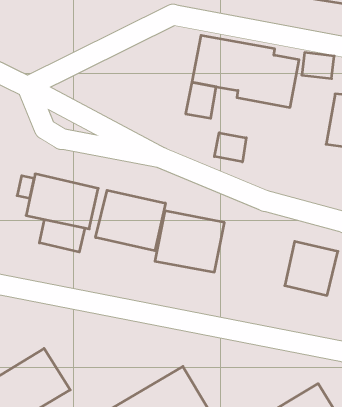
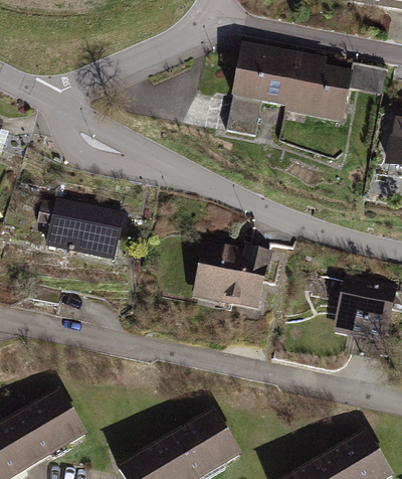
building: [214,133,246,162] -> none
building: [96,190,165,251] -> none
building: [39,220,85,252] -> none

